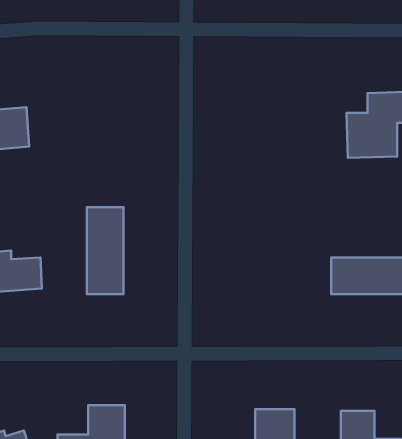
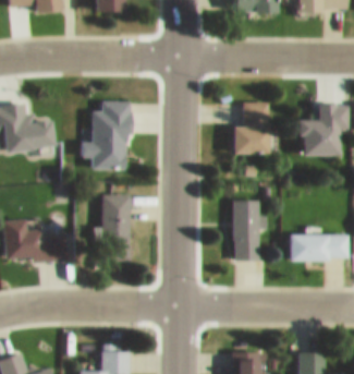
building: none -> [80,100,129,169]
building: none -> [234,101,269,154]
building: none -> [232,200,258,258]

